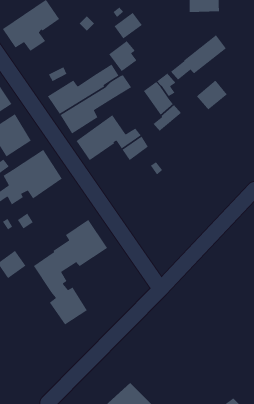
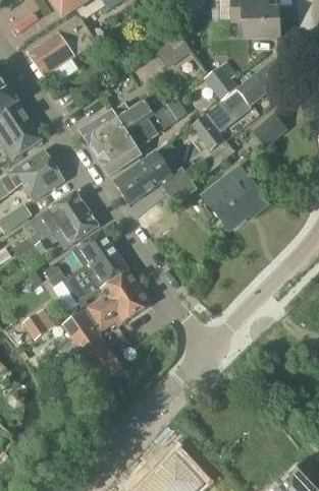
building: [108,40,138,72] -> [205,60,238,97]
building: none -> [202,165,268,229]
building: none -> [62,230,127,305]

